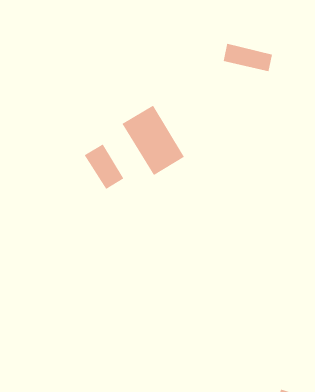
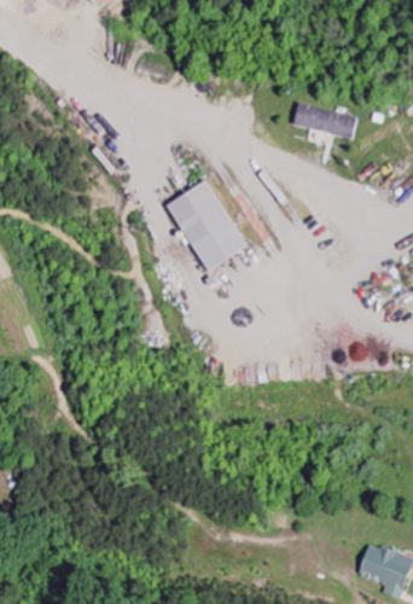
building: [84,144,124,190] -> none

